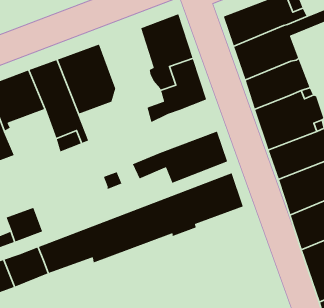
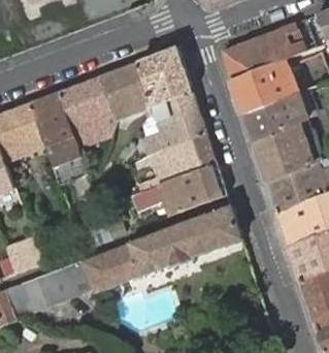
building: none -> [99,62,152,117]
building: none -> [136,133,216,192]

